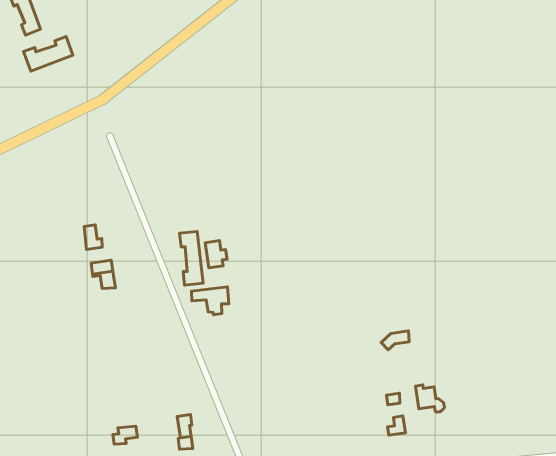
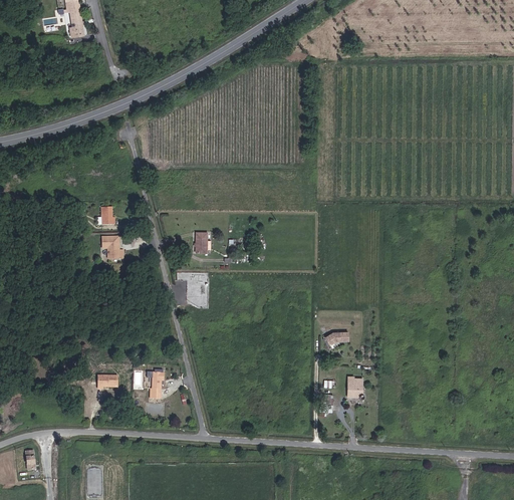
building: [24,37,73,71] -> none
building: [180,232,203,285] -> none

